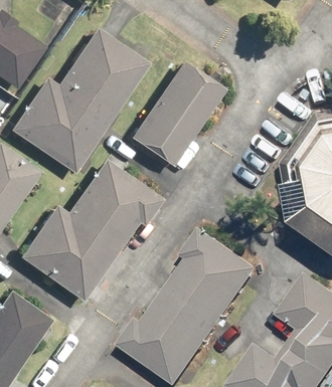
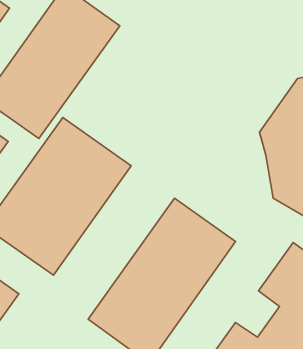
building: [127,59,224,168] -> none

